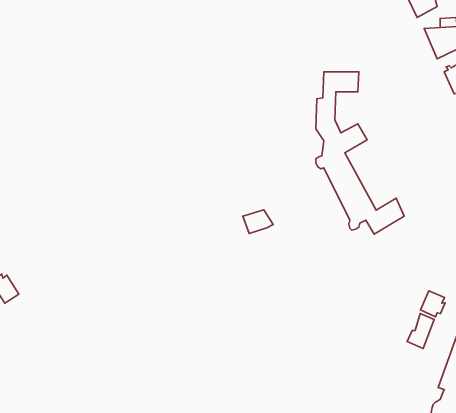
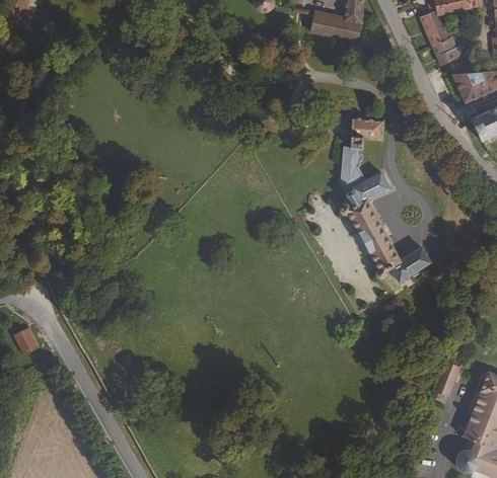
building: [243,210,273,234] -> none
building: [420,291,445,317] -> none

